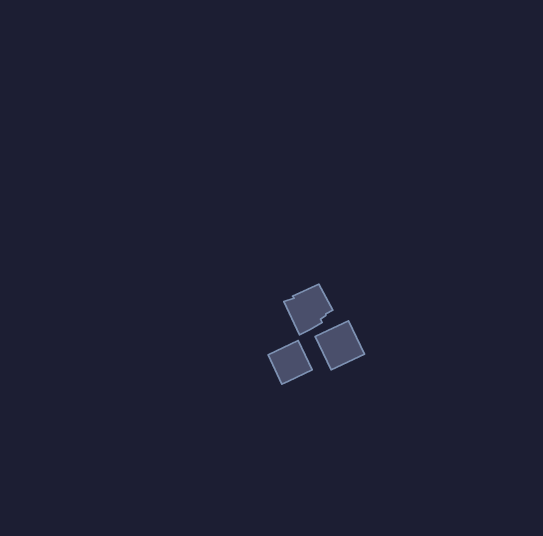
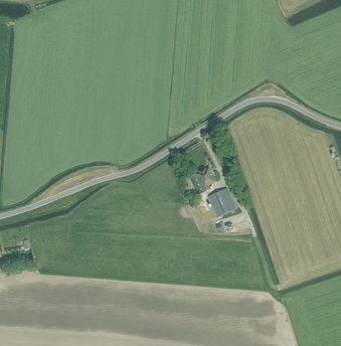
building: [268,341,312,384] -> none

